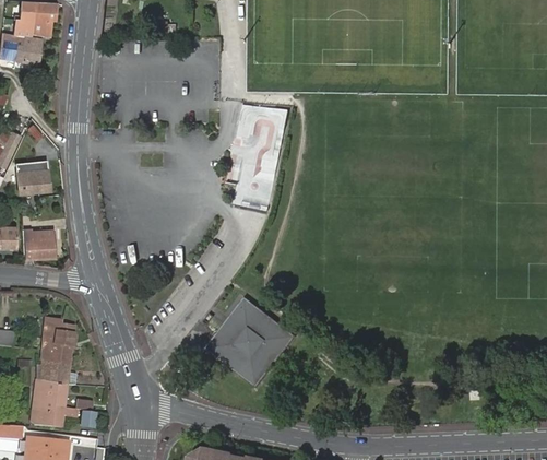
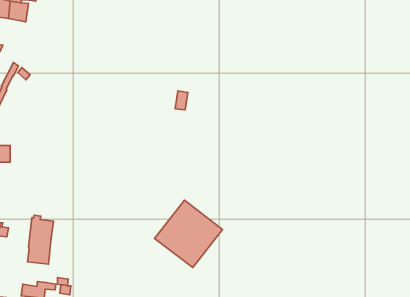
building: [15,158,49,191] -> none
building: [23,229,55,258] -> none
building: [33,378,67,412] -> none

